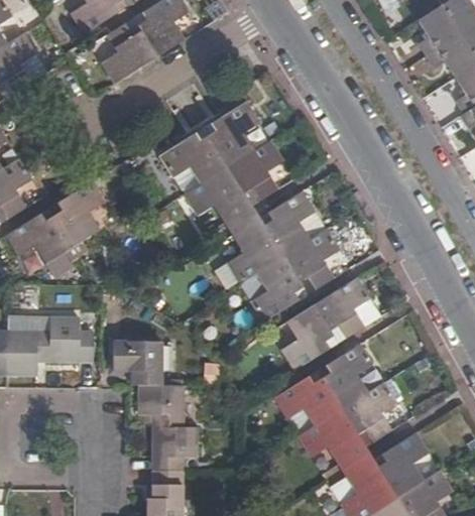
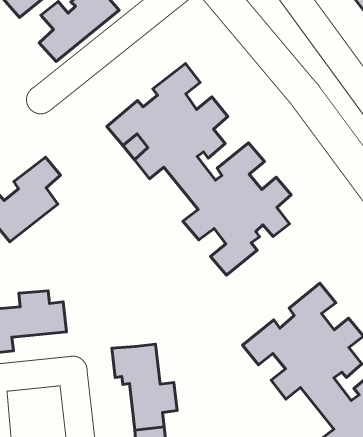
building: [278,276,371,370] -> none
building: [111,340,161,385] -> none

